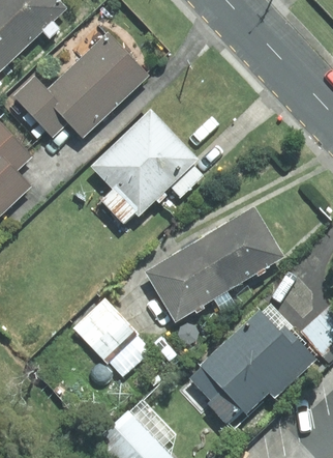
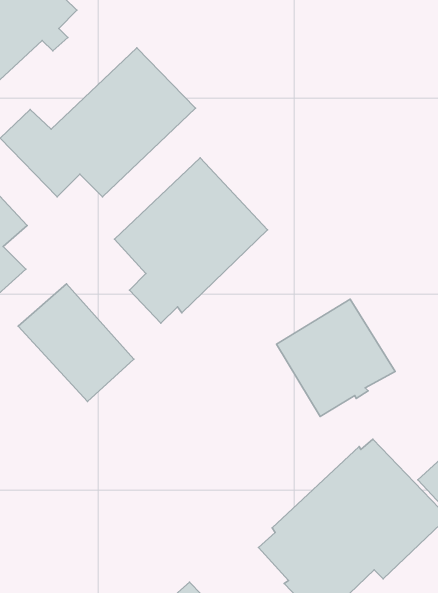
building: [145,238,234,322] -> none
building: [72,297,152,378] -> [18,284,134,401]

